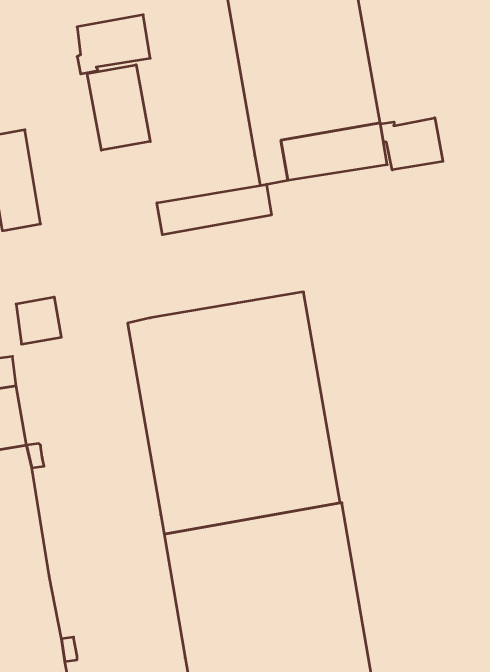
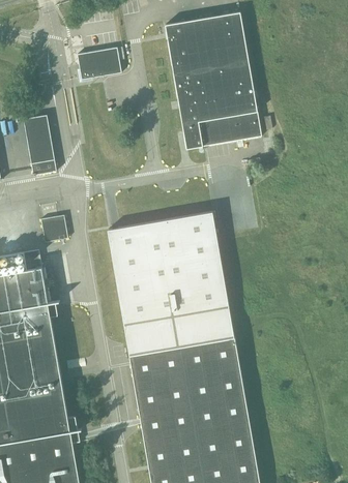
building: [87,65,150,150] -> none
building: [381,118,443,170] -> none
building: [157,184,271,235] -> none

